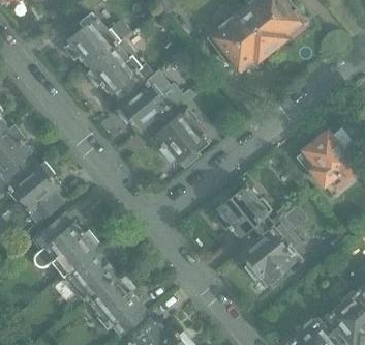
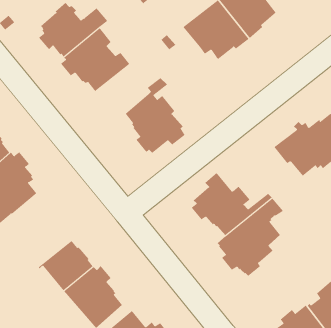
building: [116,79,172,131] -> none
building: [32,213,99,276] -> none

